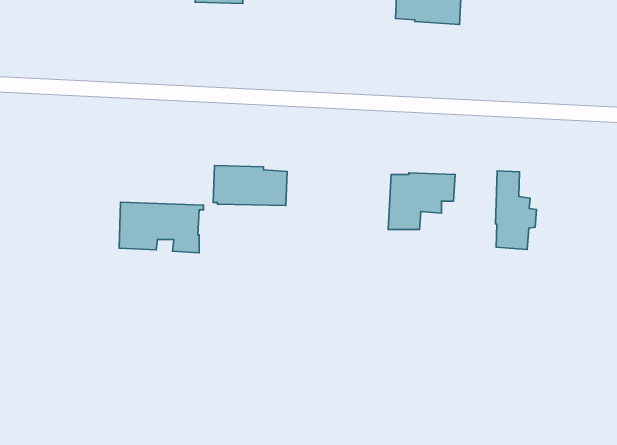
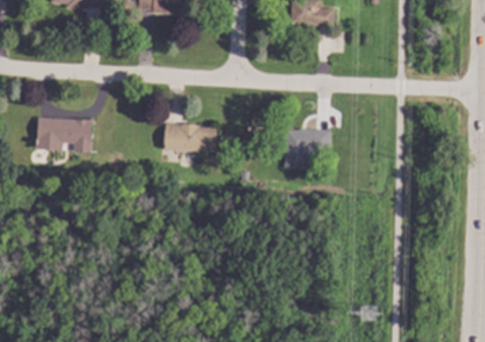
building: [495,171,537,249] -> none
building: [119,202,204,253] -> [38,118,95,152]

